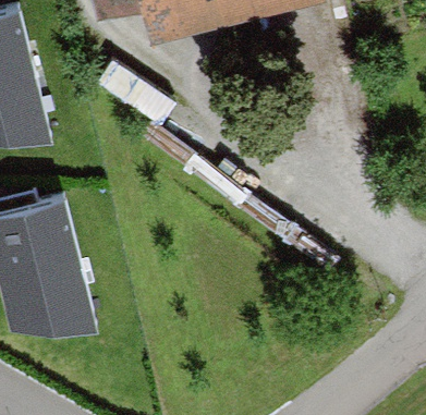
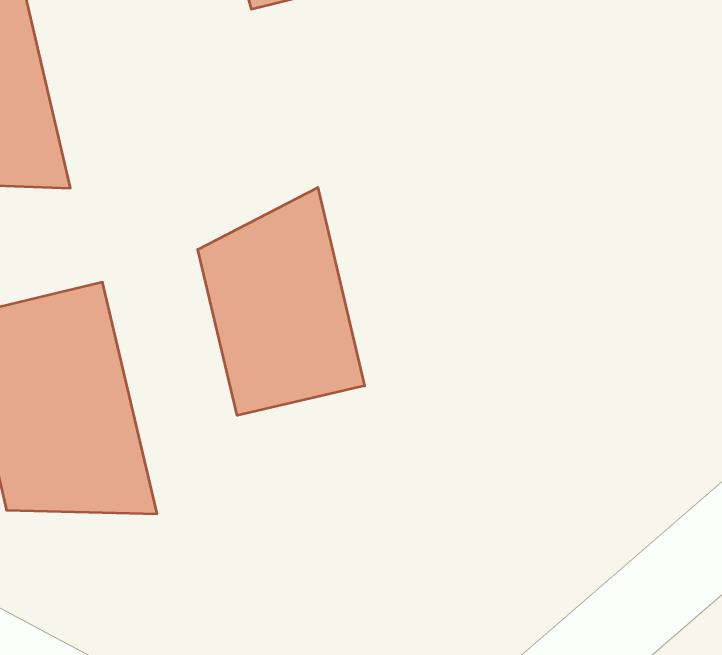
building: none -> [198,187,365,415]

